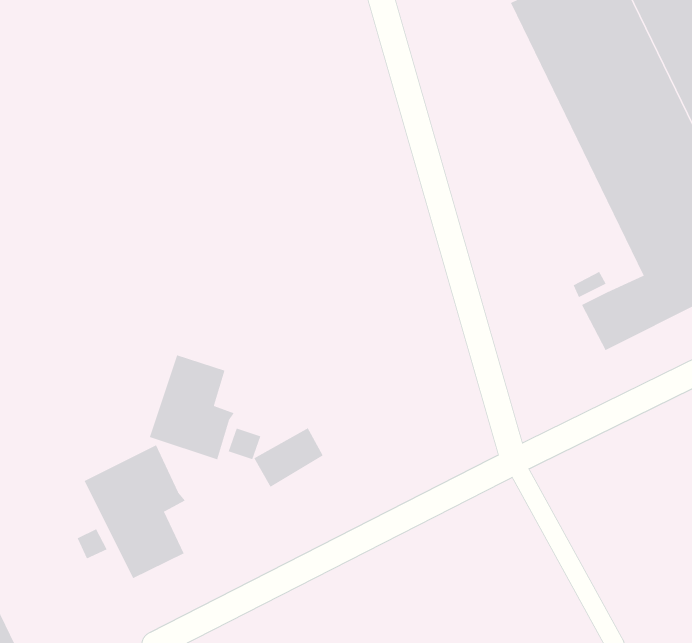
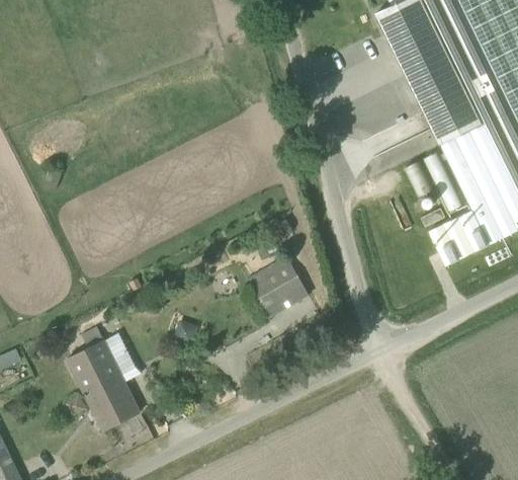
building: [149,355,234,460] -> none
building: [254,427,323,488] -> [251,262,301,306]

